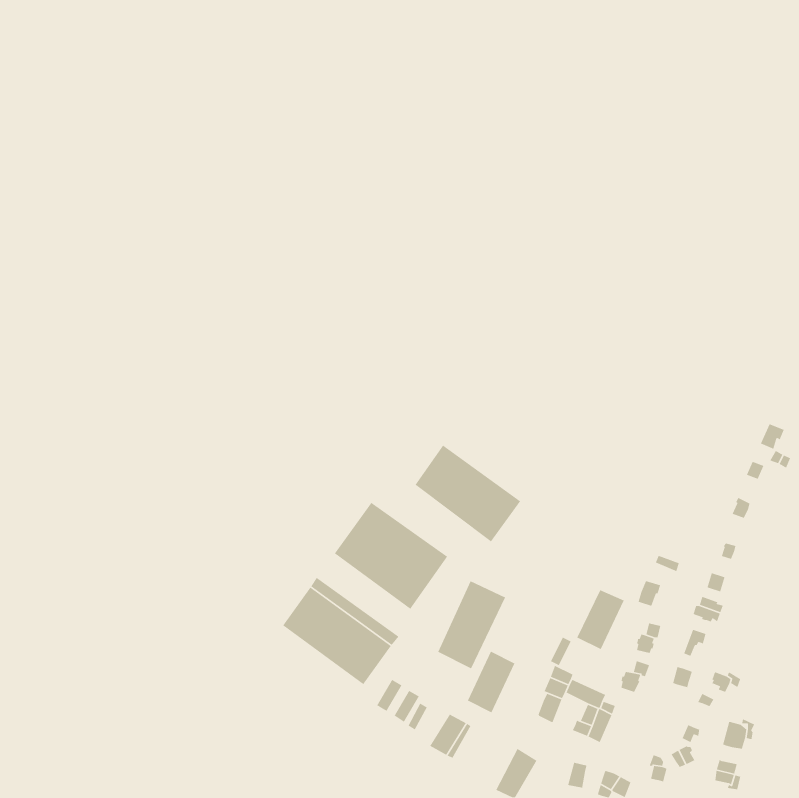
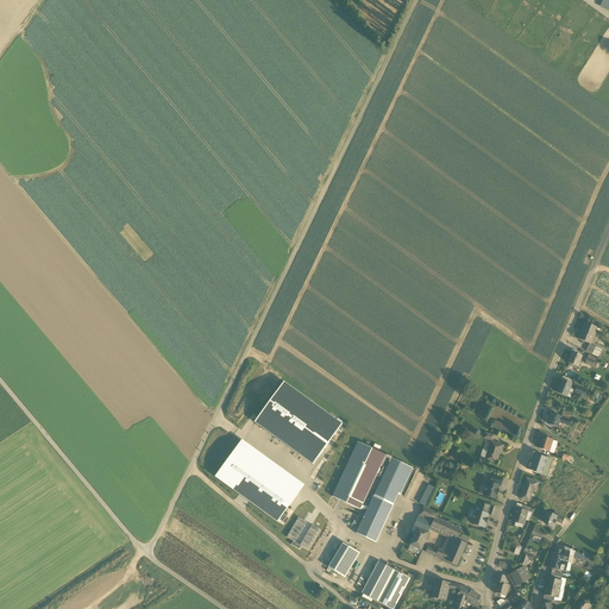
building: [415,444,521,543] -> none
building: [576,589,625,650] -> [372,457,409,503]
building: none -> [360,559,393,599]

